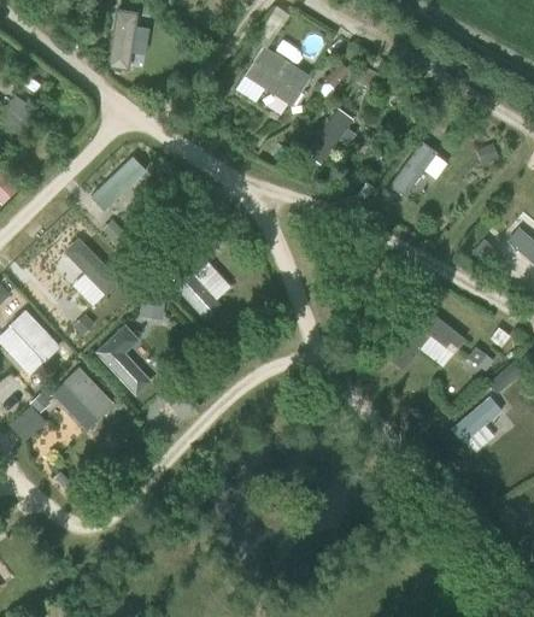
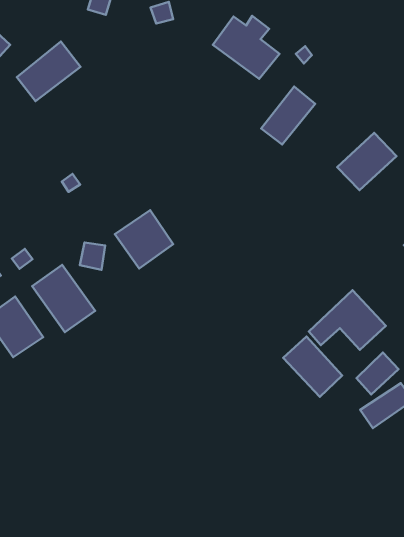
building: [89,154,153,219] -> [17,42,81,101]
building: [63,236,119,295] -> none
building: none -> [283,337,342,397]
building: none -> [357,352,399,395]

